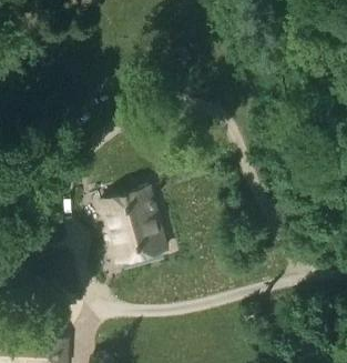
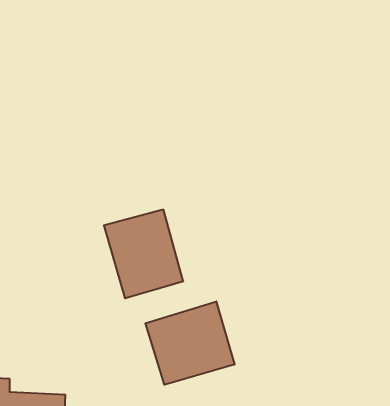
building: none -> [145,301,235,385]

